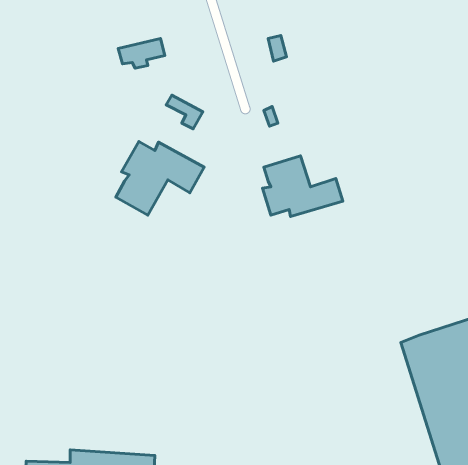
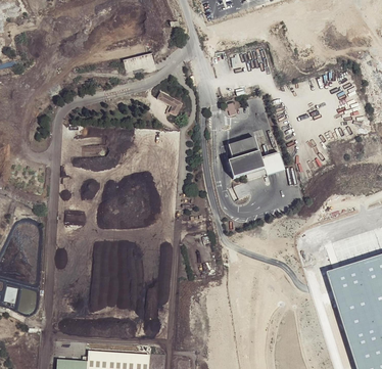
building: [116,141,204,215] -> none

